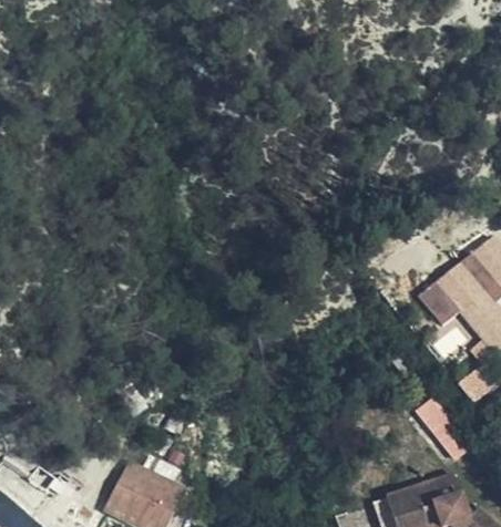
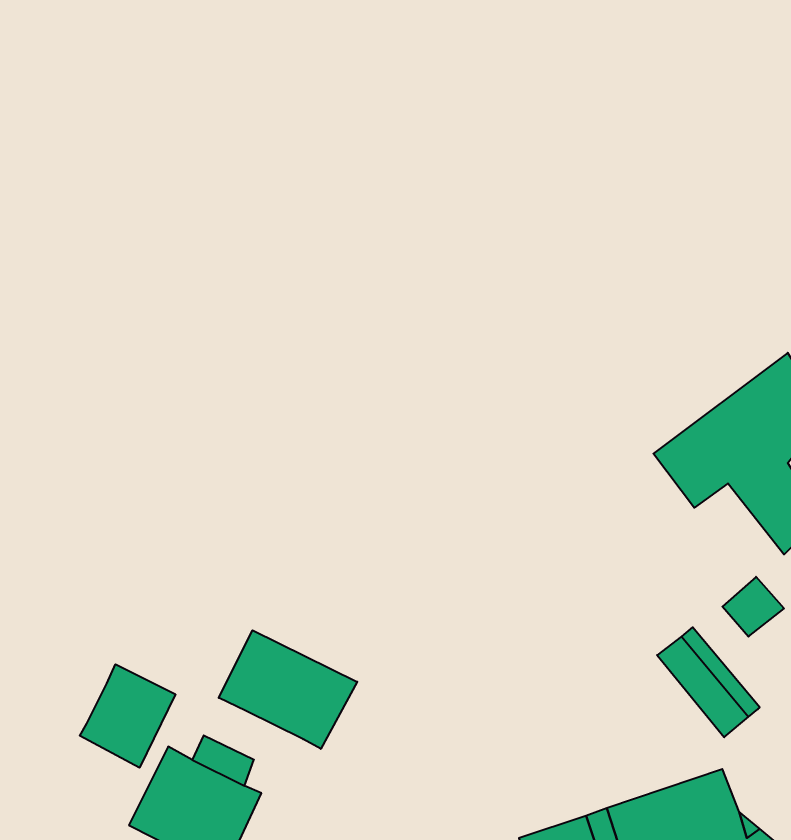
building: none -> [219,630,357,749]
building: none -> [80,664,175,768]

